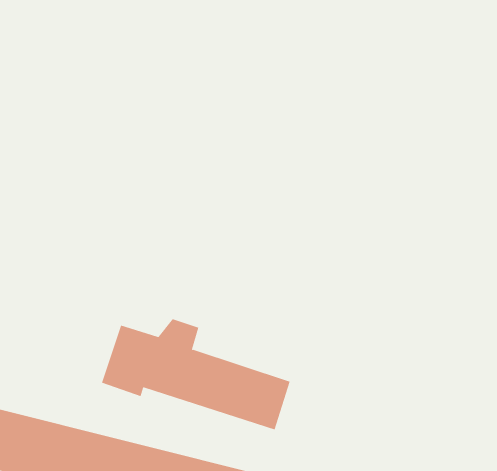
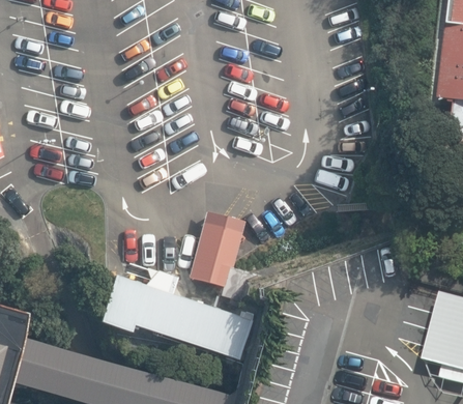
building: none -> [189,209,256,302]

